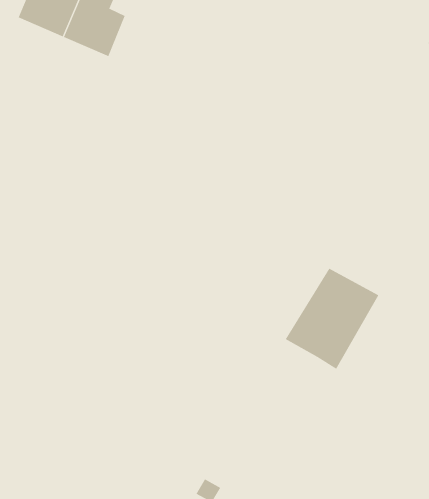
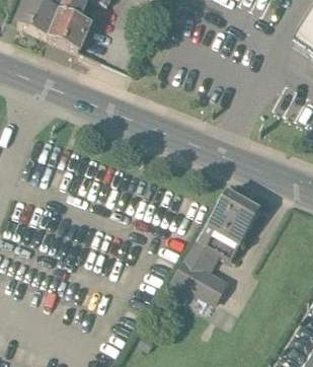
building: none -> [166,237,228,300]

